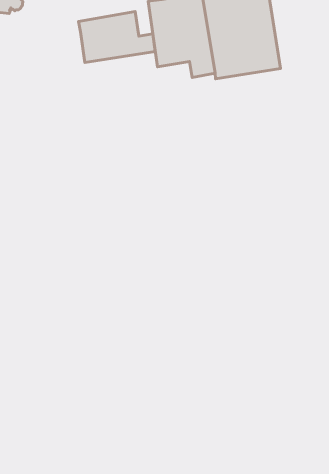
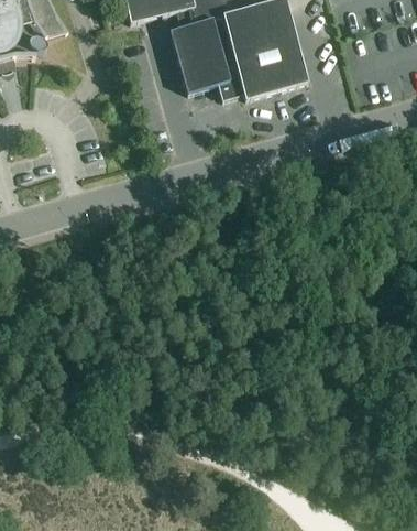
building: [78,12,155,62] -> none

